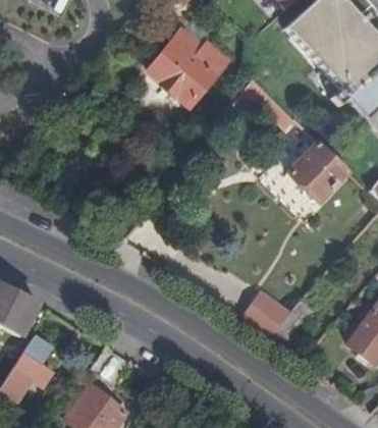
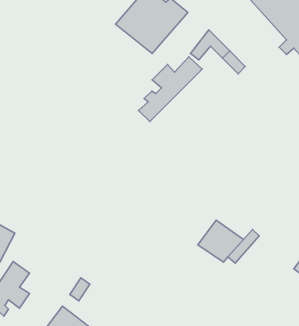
building: none -> [139,57,202,121]
building: [286,139,347,201] -> none

